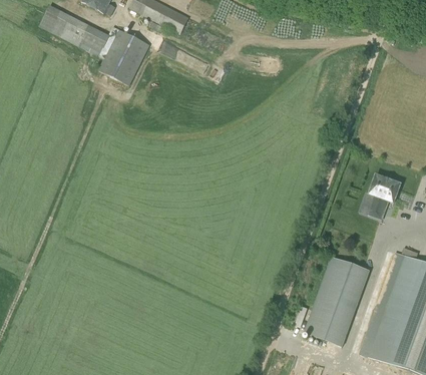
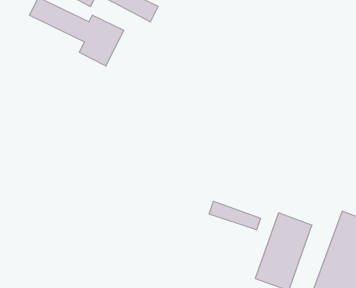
building: [368,174,400,218] -> none
building: none -> [209,201,261,230]

